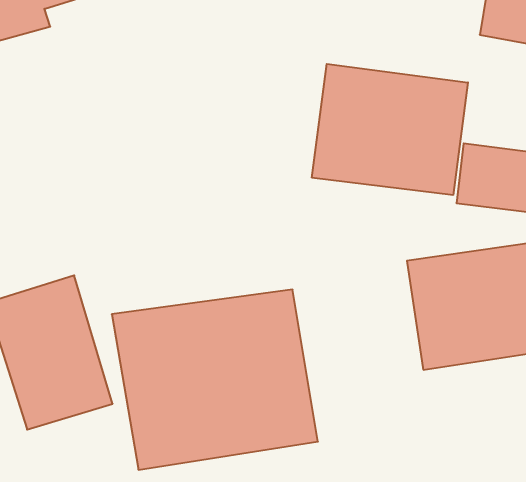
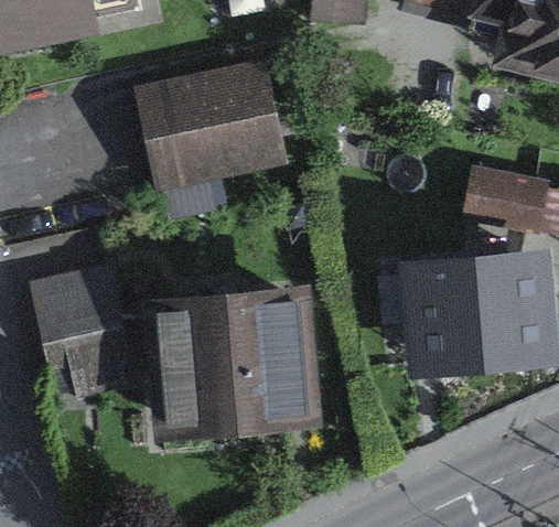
building: none -> [133,60,290,189]
building: [312,64,468,195] -> none

